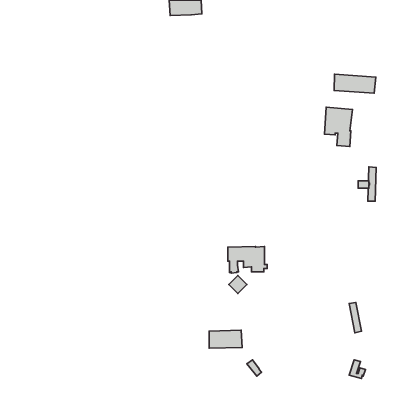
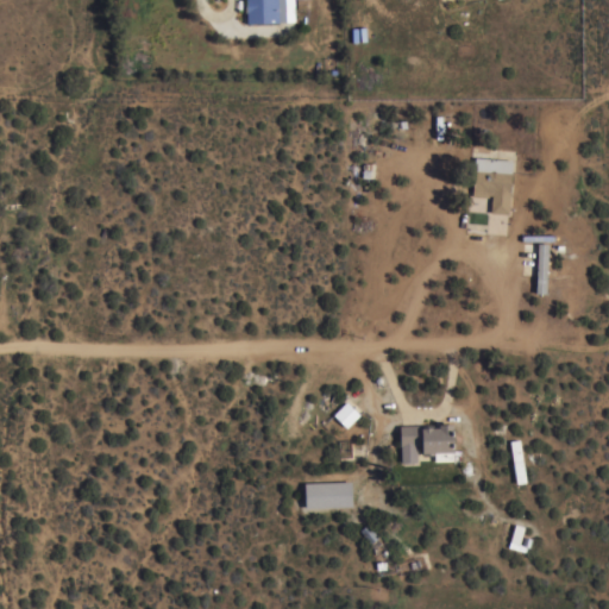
building: [334,74,376,93] -> none
building: [228,246,267,273] -> [401,425,458,464]

